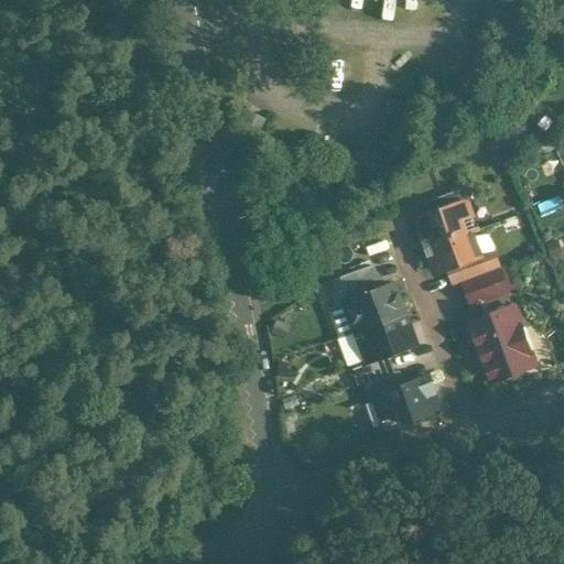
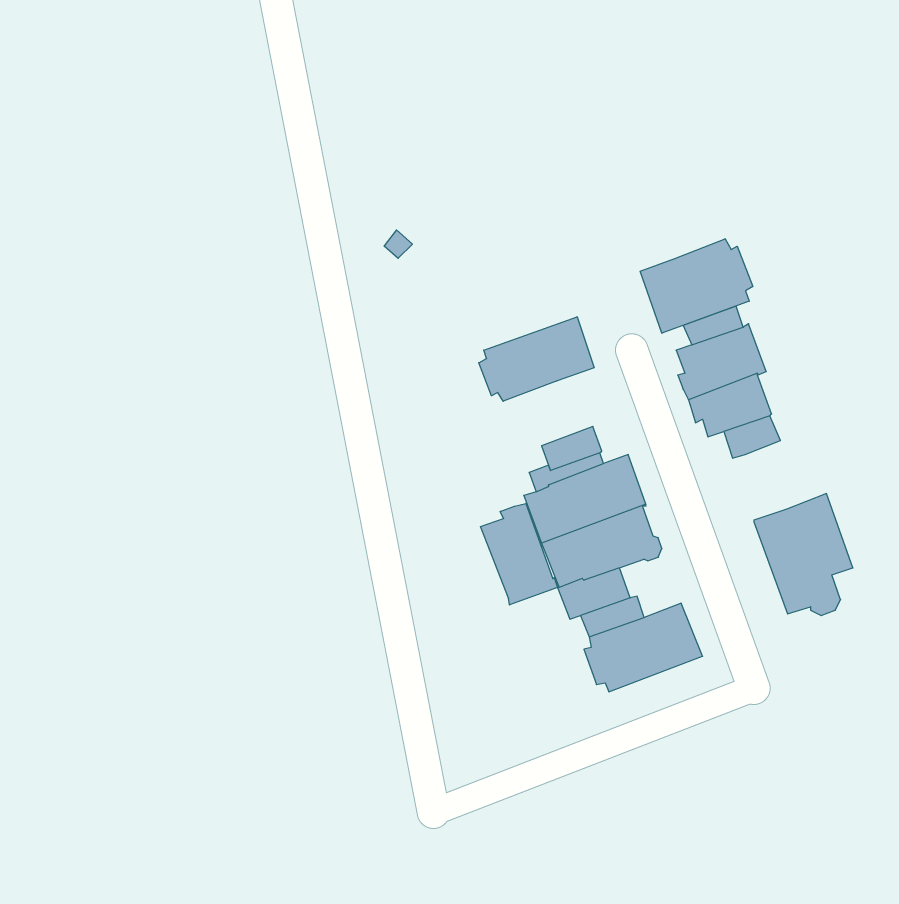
building: none -> [640,239,753,333]
building: none -> [479,317,594,401]
building: [467,269,513,324] -> none
building: none -> [480,503,557,605]

